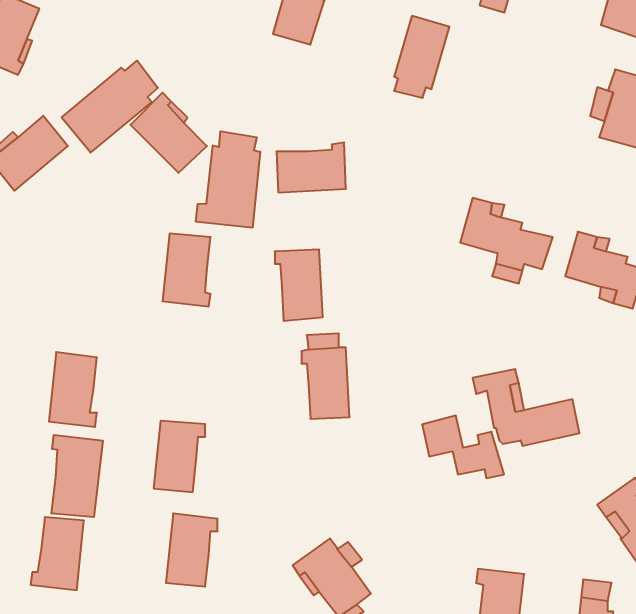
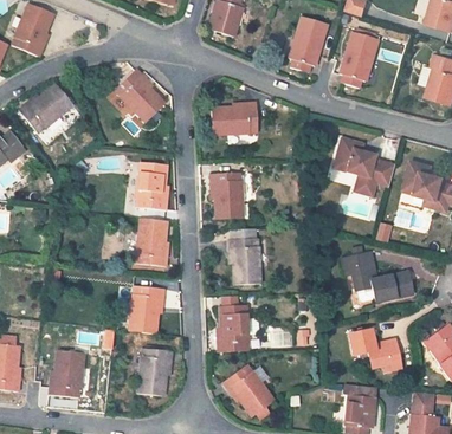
building: none -> [338,33,376,89]
building: [62,61,158,153] -> none
building: [196,131,260,228] -> none
building: [49,352,97,427] -> [135,218,167,267]
building: [422,416,504,478] -> [348,329,402,370]
building: [52,435,103,517] -> none
building: none -> [217,304,247,352]

